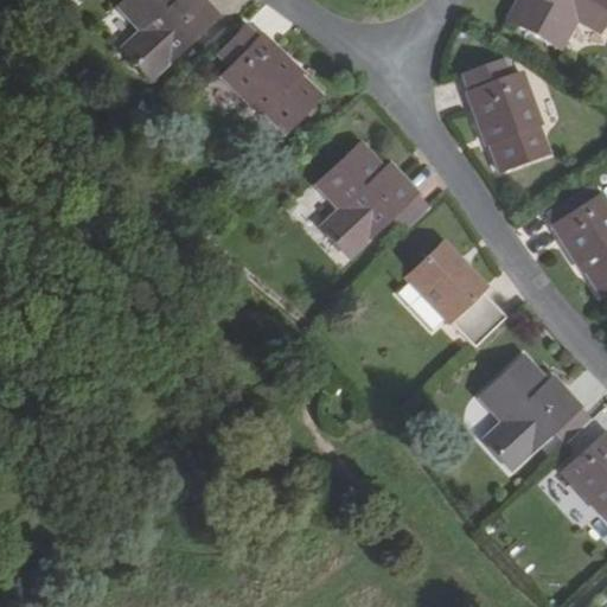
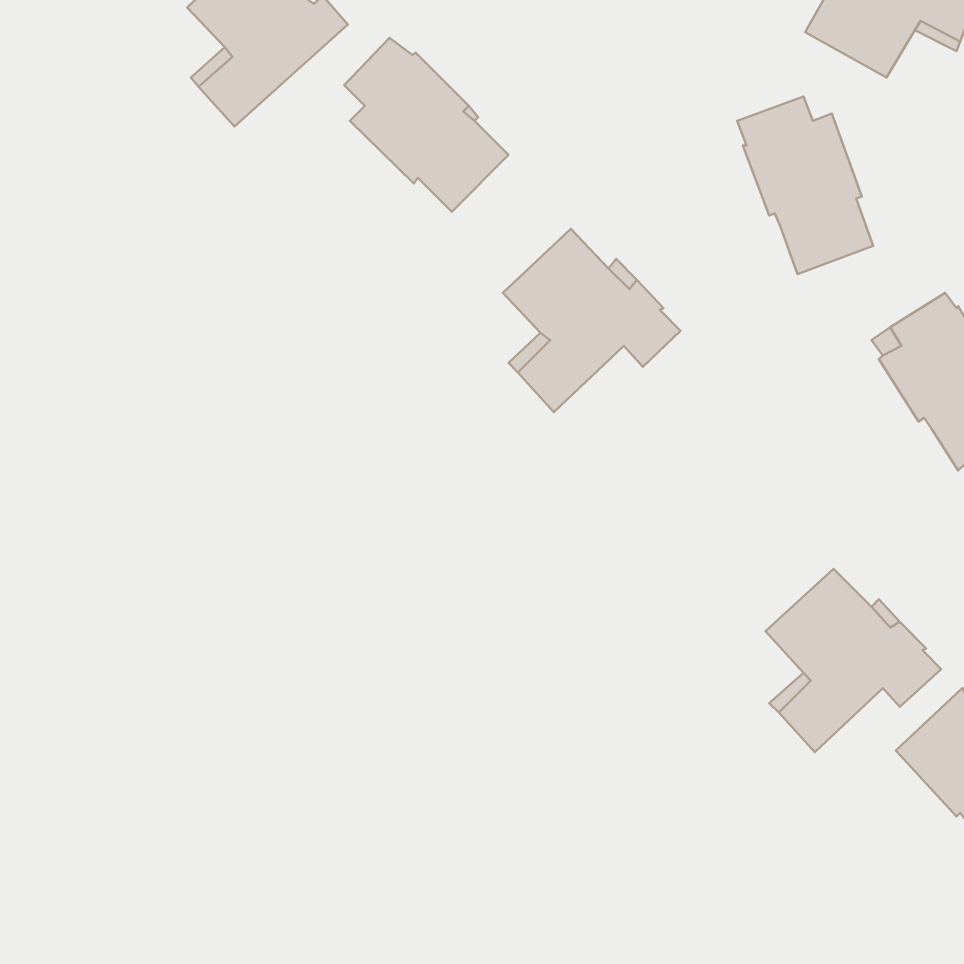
building: [405,243,503,344] -> none

